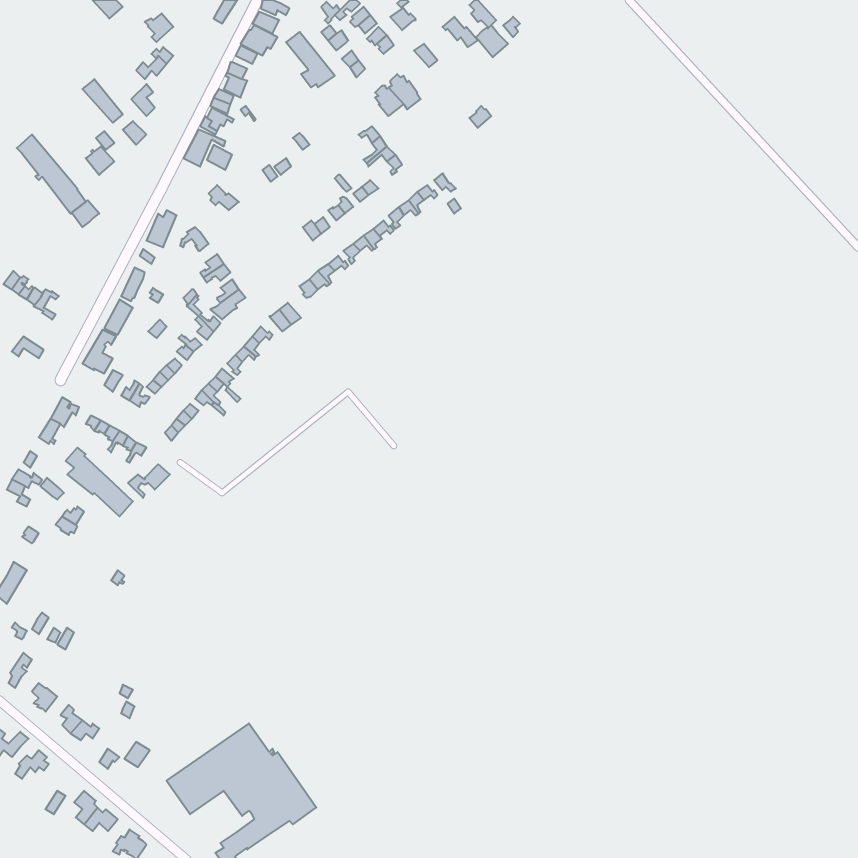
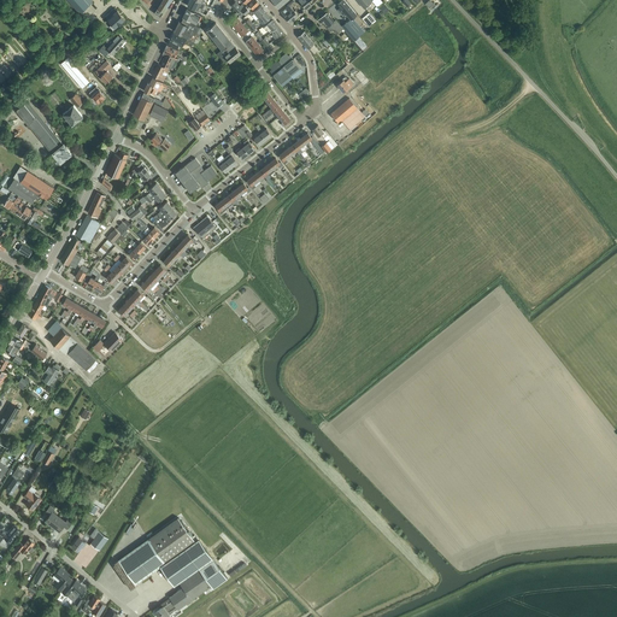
building: none -> [329,99,368,130]
building: none -> [174,159,216,194]
building: none -> [7,171,53,204]

